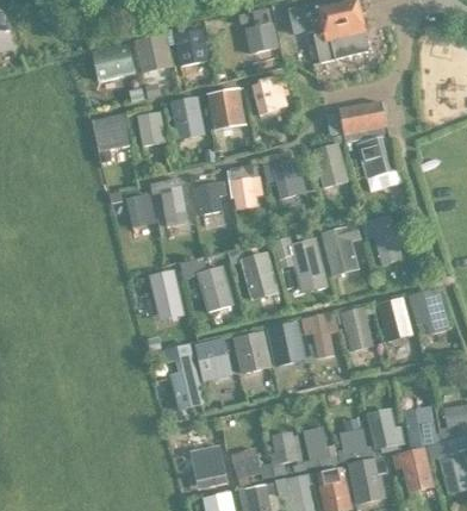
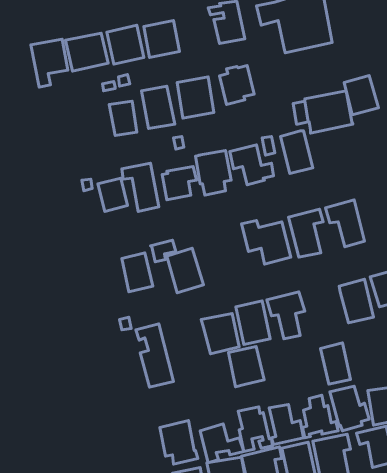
building: [92,113,130,163] -> [31,39,68,87]
building: [357,138,393,179] -> [344,76,379,115]
building: [228,247,279,300] -> none
building: [342,306,373,349] -> [321,343,351,384]
building: [195,339,232,381] -> [228,347,264,387]

